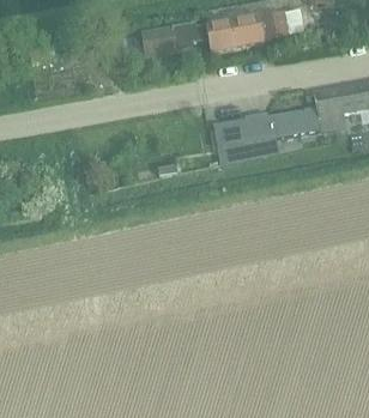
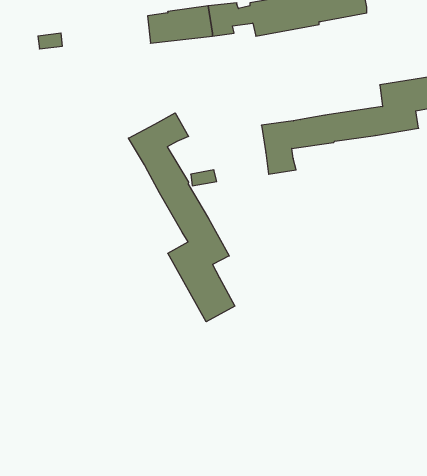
building: none -> [128,113,235,322]

